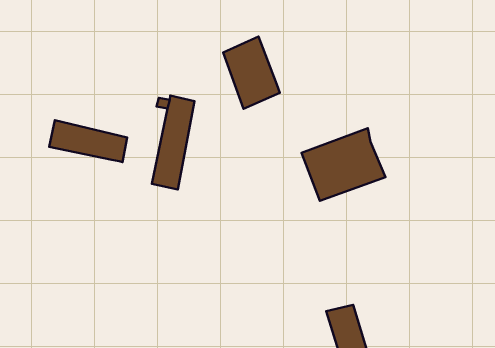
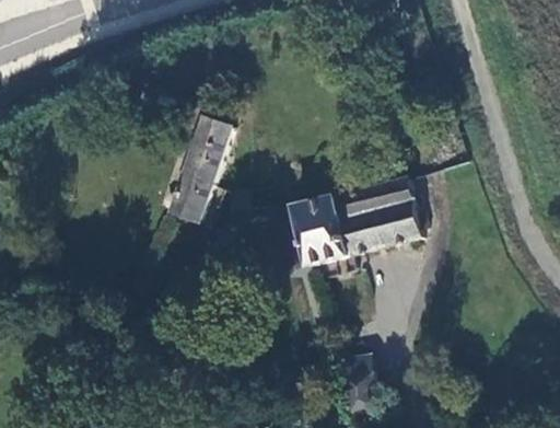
building: [223,37,280,109] -> [294,196,348,268]
building: [49,120,127,162] -> none

